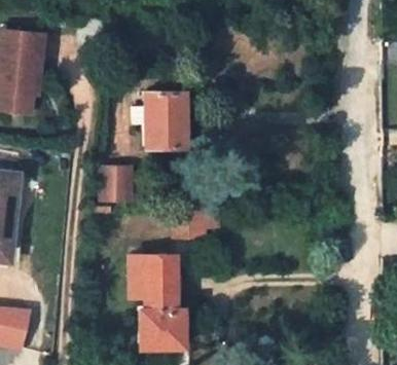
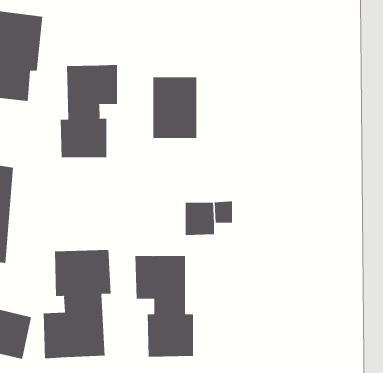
building: none -> [60,64,118,158]
building: [100,168,131,202] -> none
building: none -> [43,249,111,359]

